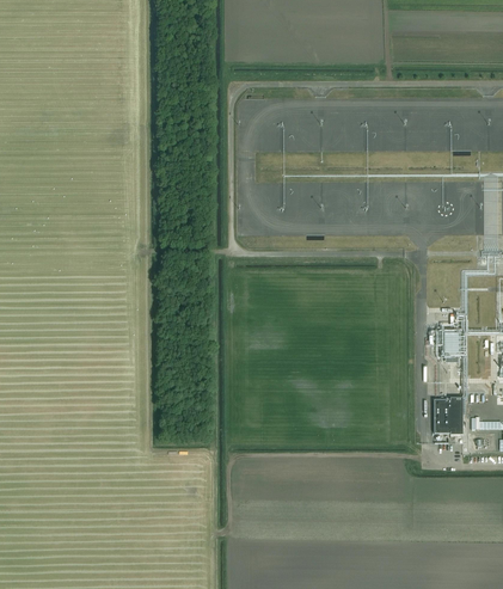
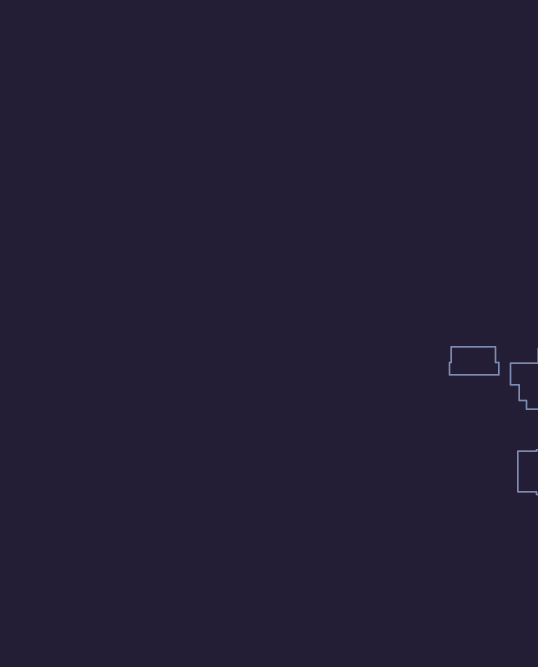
building: none -> [450,347,499,375]

